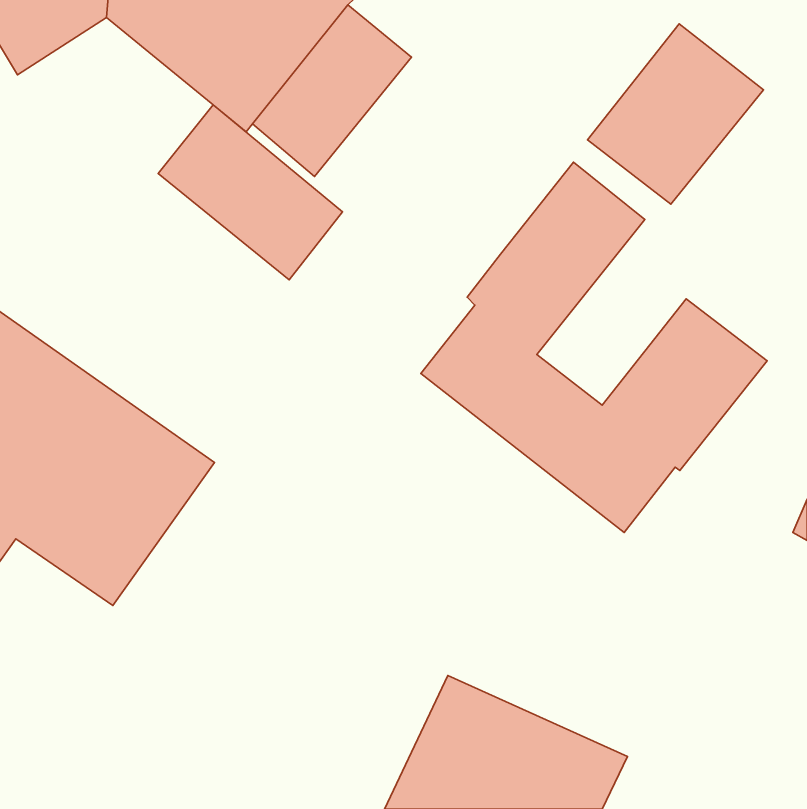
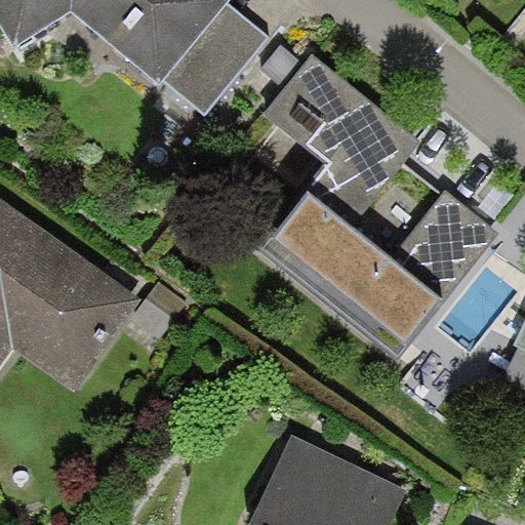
building: [588,24,763,204] -> none
building: none -> [262,56,370,164]
building: [158,105,342,280] -> none

